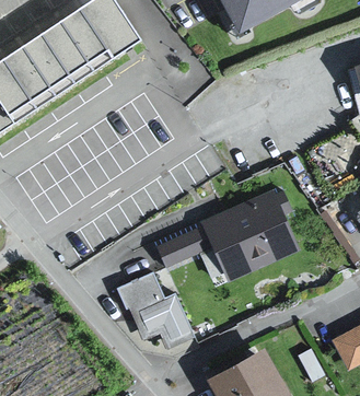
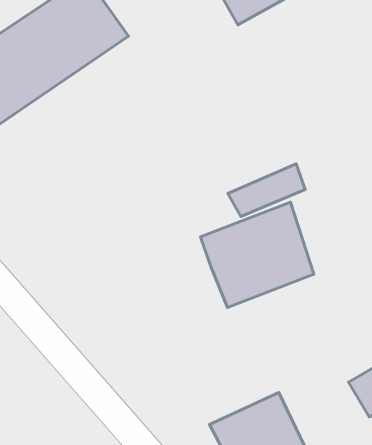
building: [148,220,213,265] -> [228,164,305,217]
building: [113,271,193,340] -> none

